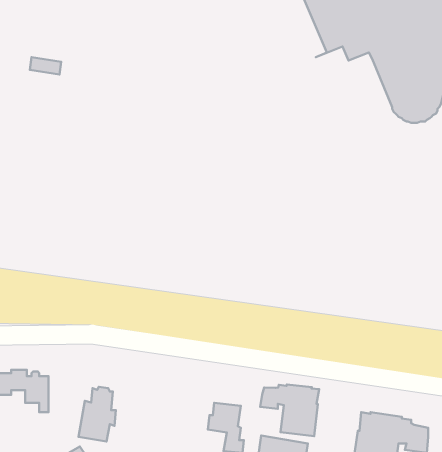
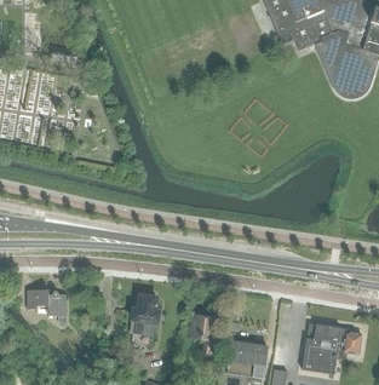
building: [260,385,319,436] -> none
building: [79,387,116,441] -> [130,293,159,335]

